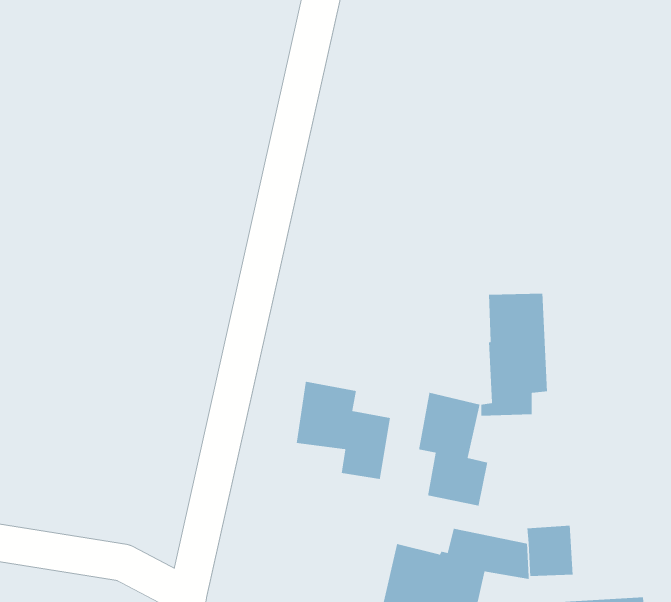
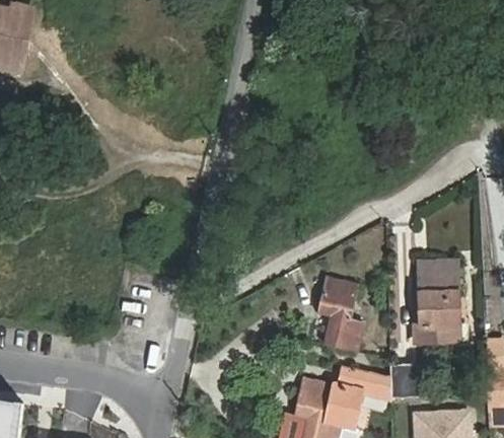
building: [481,293,548,416] -> [414,261,458,343]
building: [296,381,391,480] -> none

